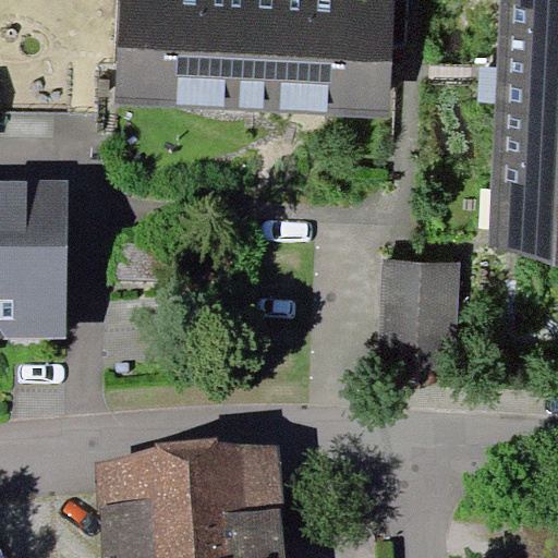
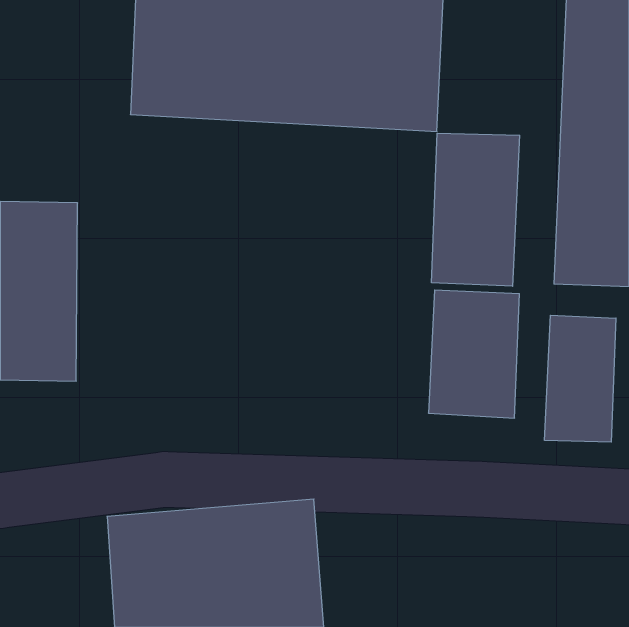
building: none -> [432,133,520,286]
building: none -> [545,315,616,442]

